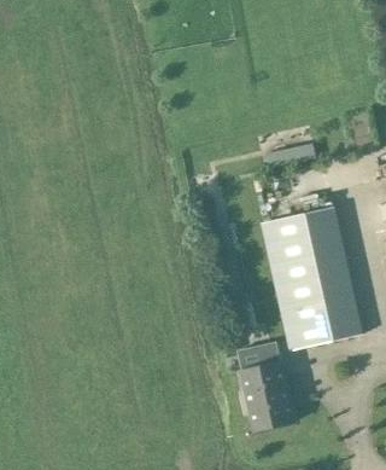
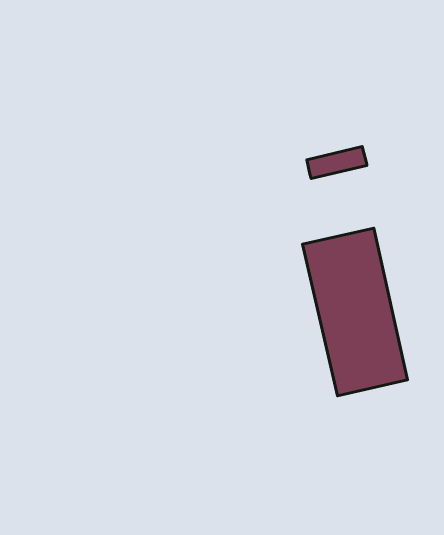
building: [241,353,297,430] -> none

